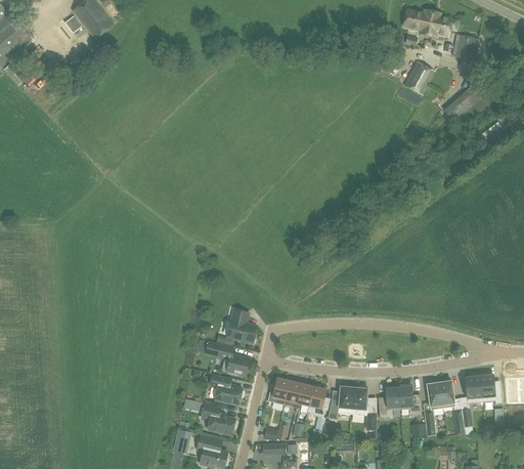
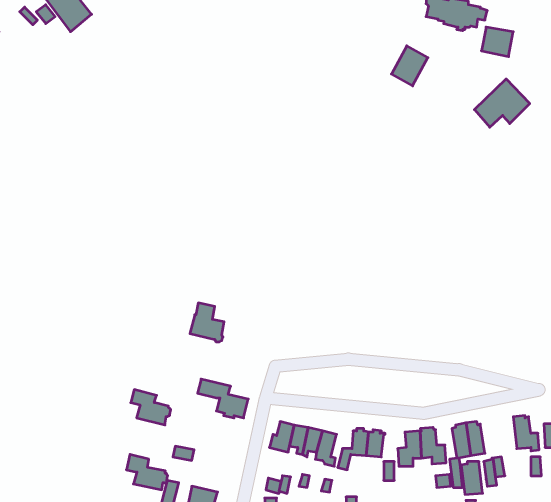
building: [403,60,435,95] -> [391,46,428,86]
building: [226,309,256,343] -> [190,303,224,342]
building: [209,374,244,404] -> [131,390,171,425]
building: [464,374,482,402] -> [461,462,483,494]
building: [201,403,236,434] -> [126,454,168,490]

